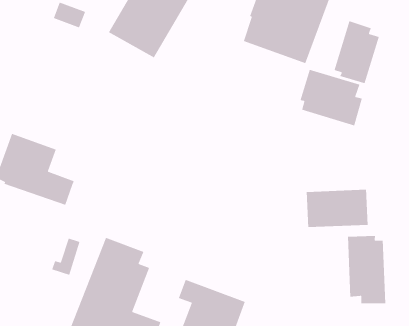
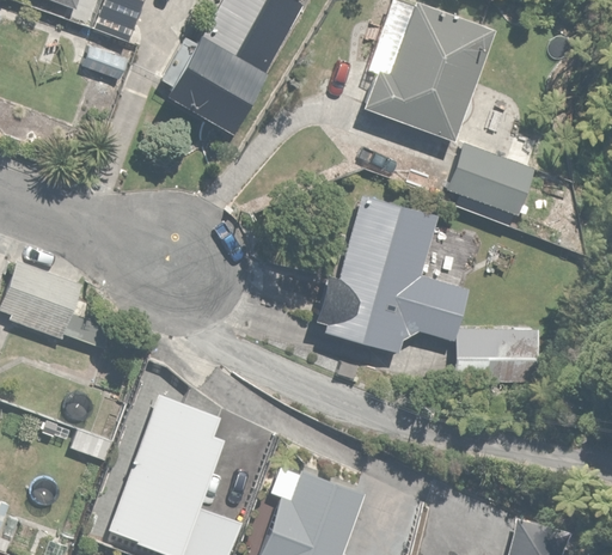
building: [334,20,380,84] -> none
building: none -> [313,197,464,348]
building: [347,235,386,304] -> none

